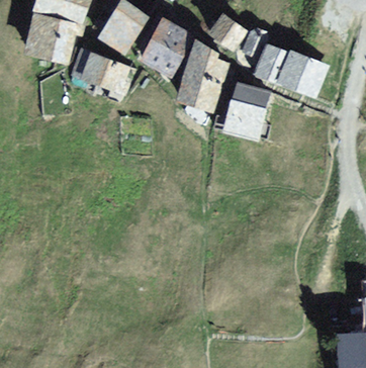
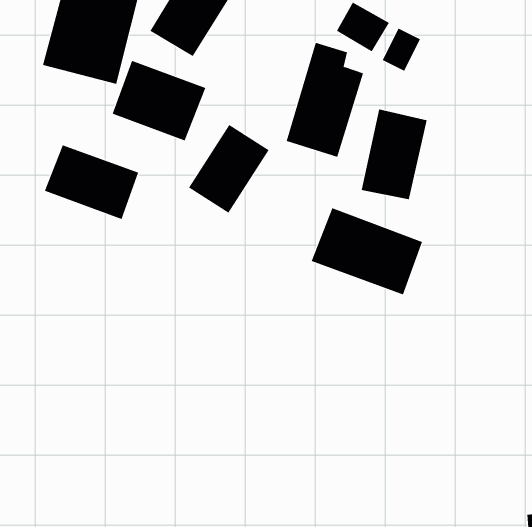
building: [140,20,190,76] -> [188,124,269,213]
building: [256,41,326,96] -> [311,208,423,295]
building: none -> [44,144,139,220]

